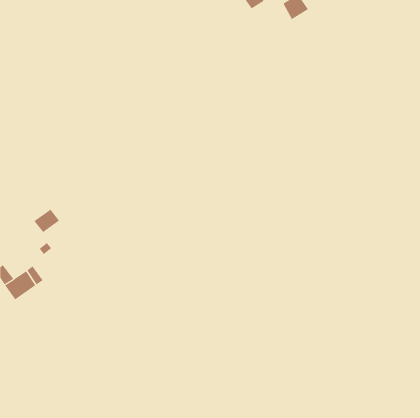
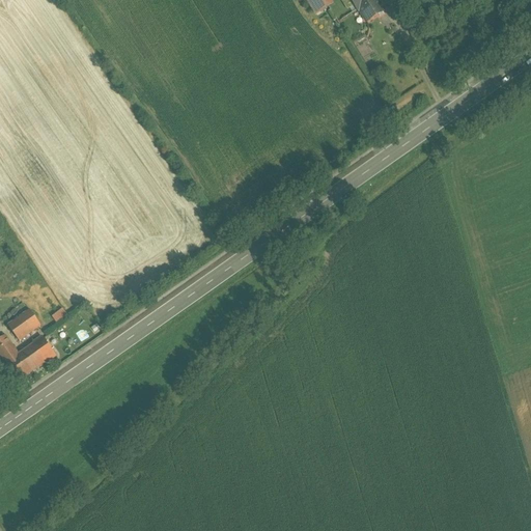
building: [34,209,60,233] -> [7,307,40,337]

